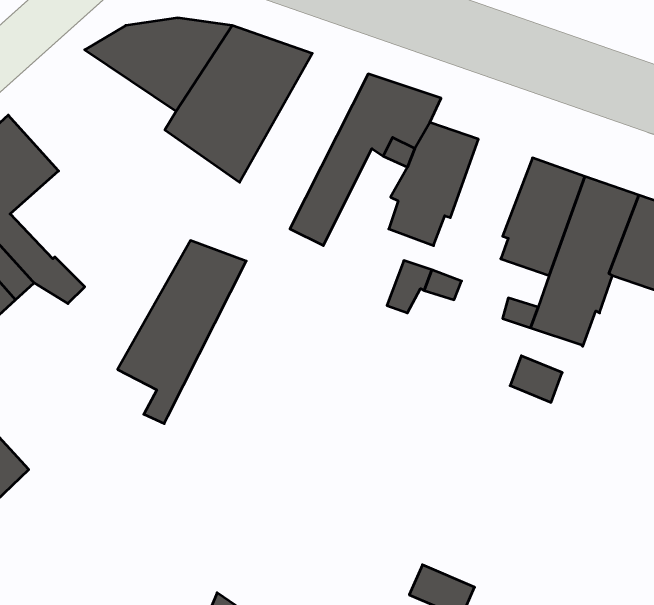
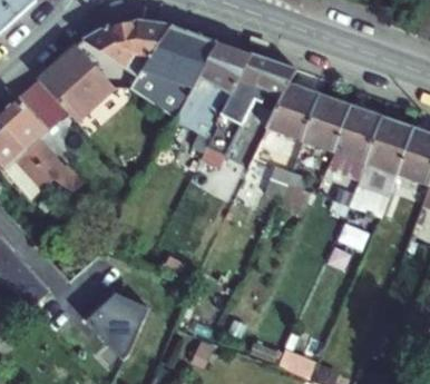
building: none -> [37,45,116,122]
building: none -> [301,93,350,151]
building: [118,241,246,424] -> [175,42,252,151]
building: none -> [81,293,149,362]

